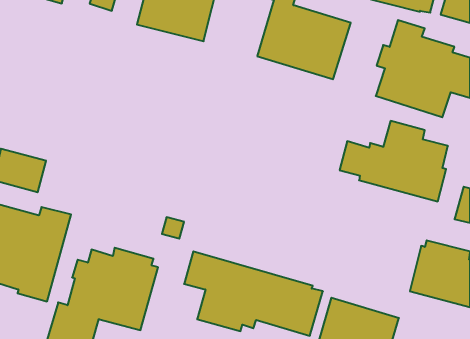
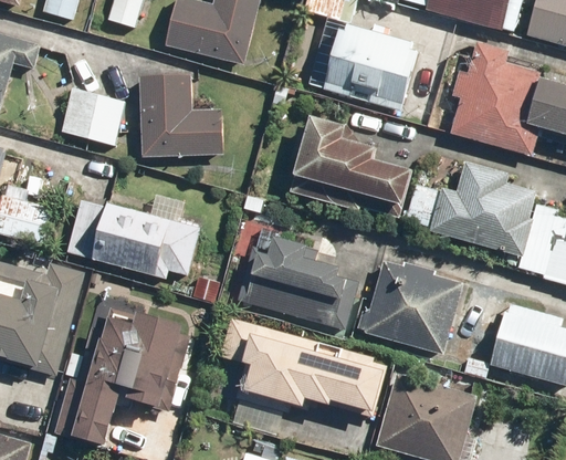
building: none -> [139,74,223,157]
building: none -> [62,88,125,146]
building: none -> [290,115,411,217]
building: none -> [66,194,201,279]
building: none -> [237,236,357,328]
building: none -> [356,261,463,354]

